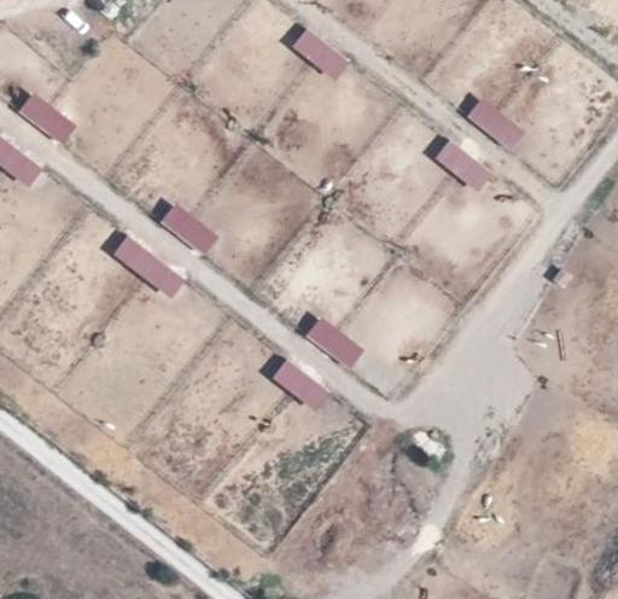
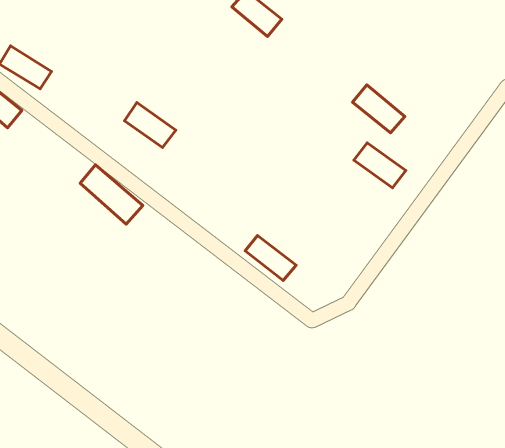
building: [464,97,525,150] -> [354,143,406,188]
building: [158,200,218,254] -> [124,102,176,147]
building: [270,356,330,413] -> none

